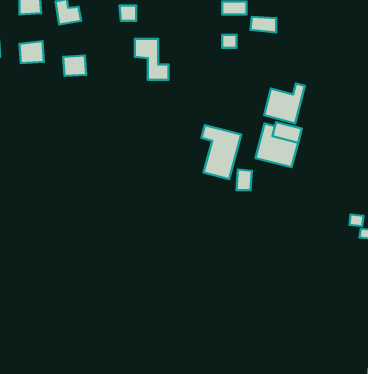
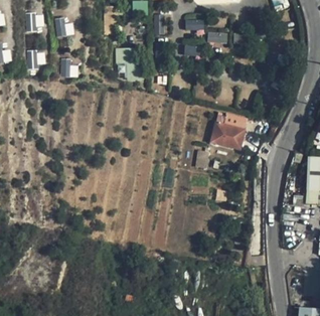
building: [264,84,305,124] -> none
building: [201,125,241,179] -> none

